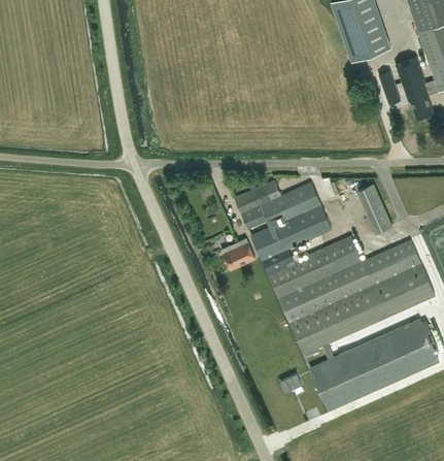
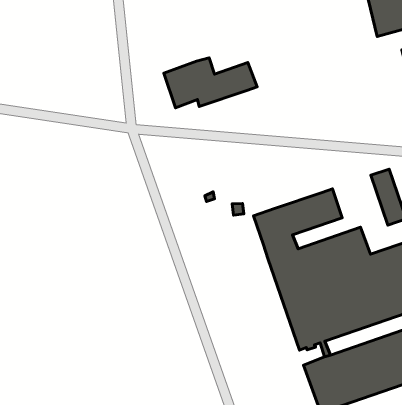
building: [235,182,321,230] -> [164,58,257,108]
building: [221,239,255,271] -> none

